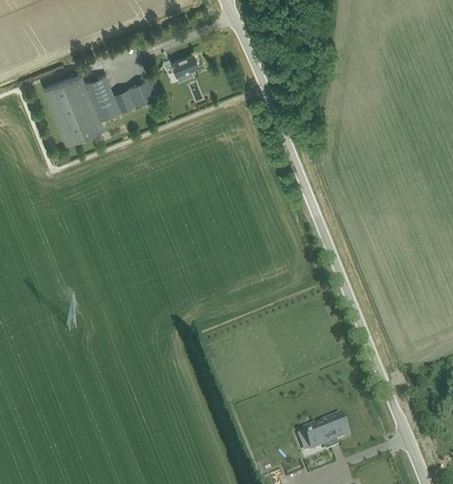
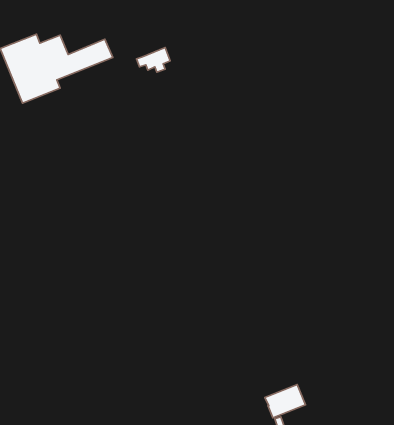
building: [164,54,197,78] -> [137,48,170,72]

